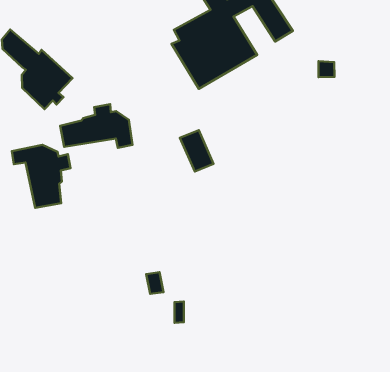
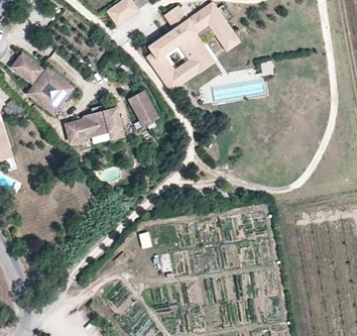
building: [180,130,214,172] -> [130,94,157,126]
building: [12,145,70,208] -> none

